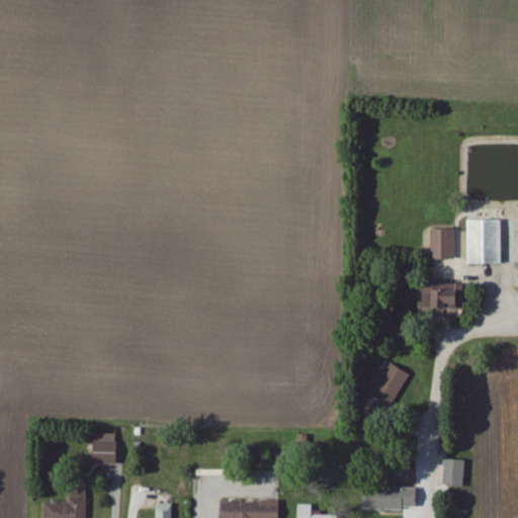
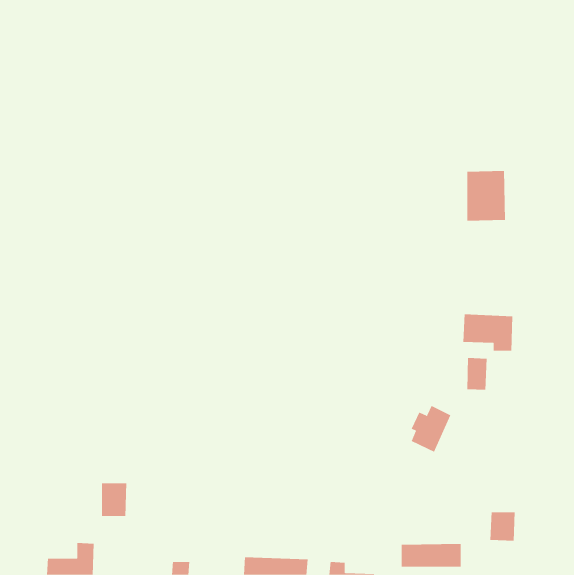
building: [466,220,502,265] -> [466,170,506,221]
building: [430,229,454,259] -> none
building: none -> [467,357,487,391]

